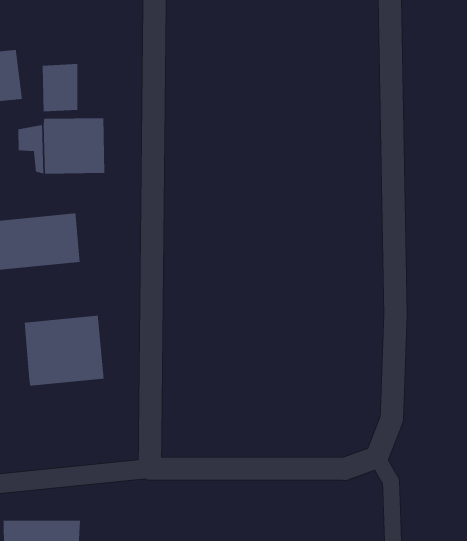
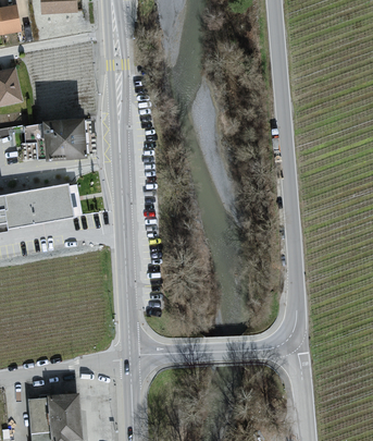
building: [42,63,78,112] -> none
building: [24,315,104,386] -> none

